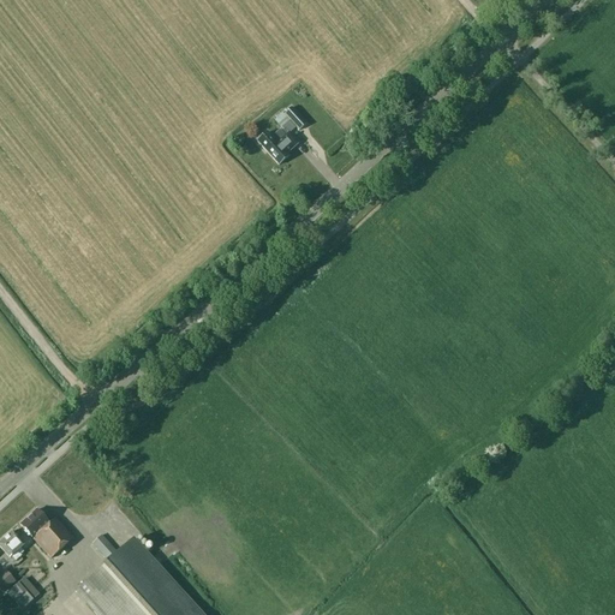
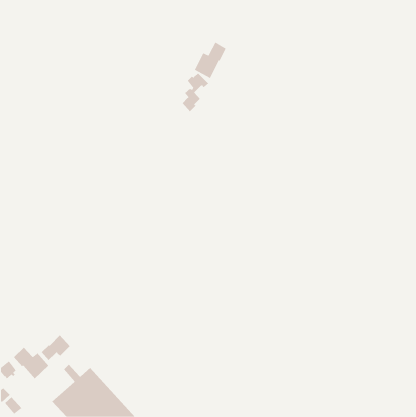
building: none -> [194,41,227,79]
building: none -> [41,335,71,361]

